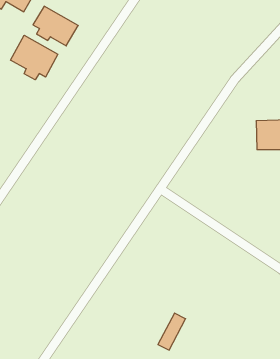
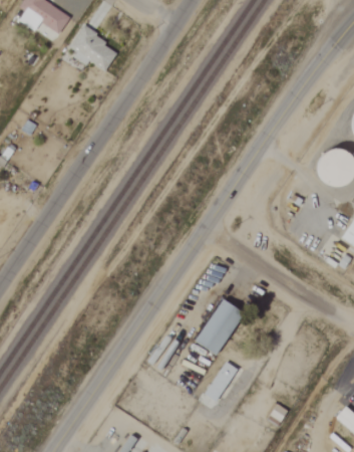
building: [11,35,58,80] -> none
building: none -> [195,299,242,355]

